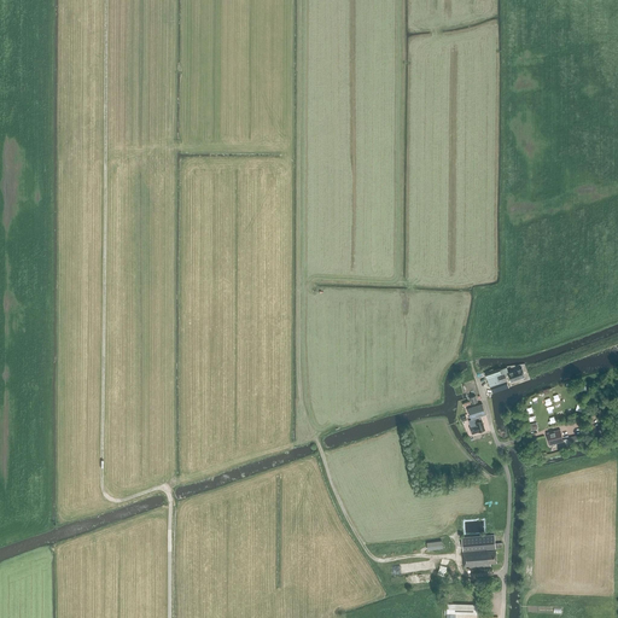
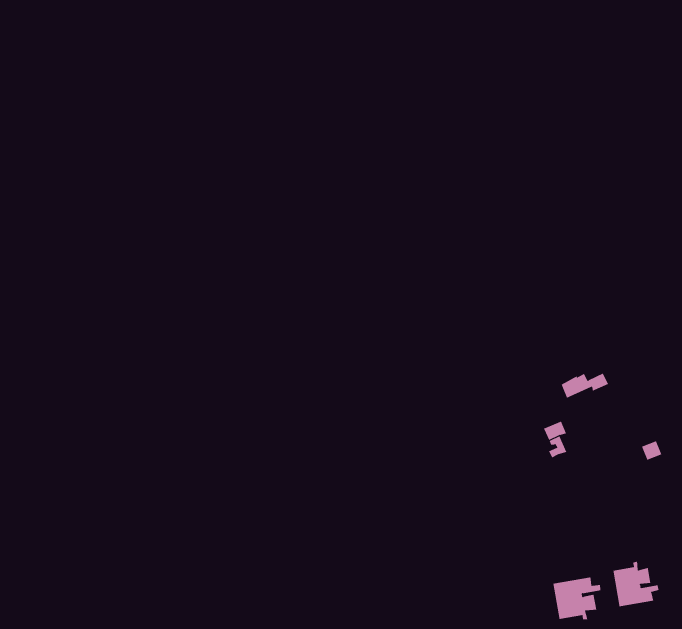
building: none -> [613,561,659,607]

